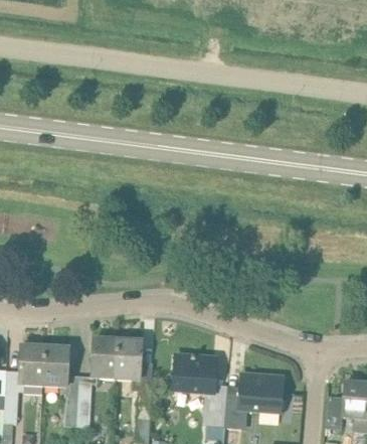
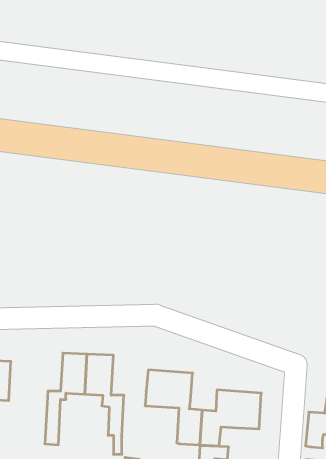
building: [42,347,79,426] -> none

